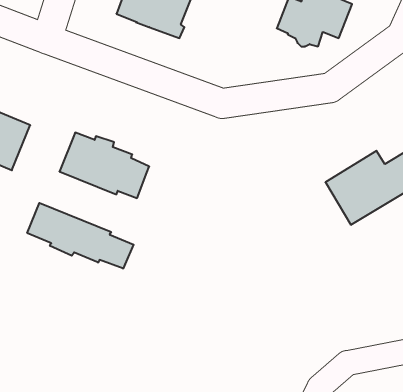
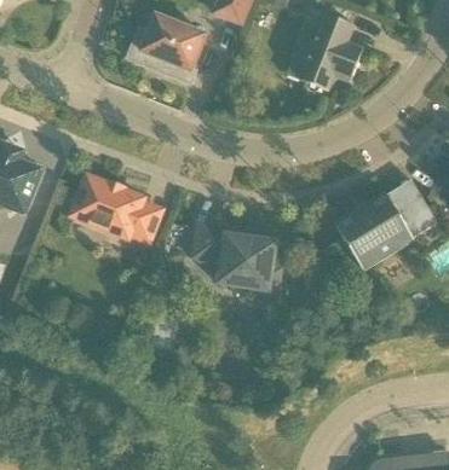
building: none -> [191,220,281,291]
building: [27,203,134,269] -> none

